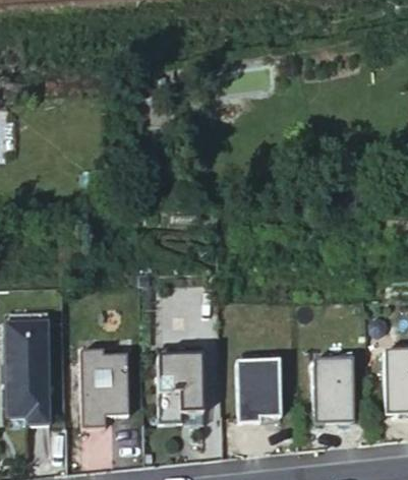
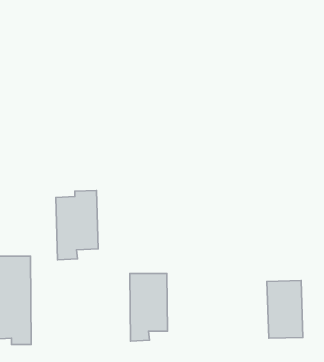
building: [81,348,129,426] -> [56,190,98,260]
building: [236,359,282,420] -> none

